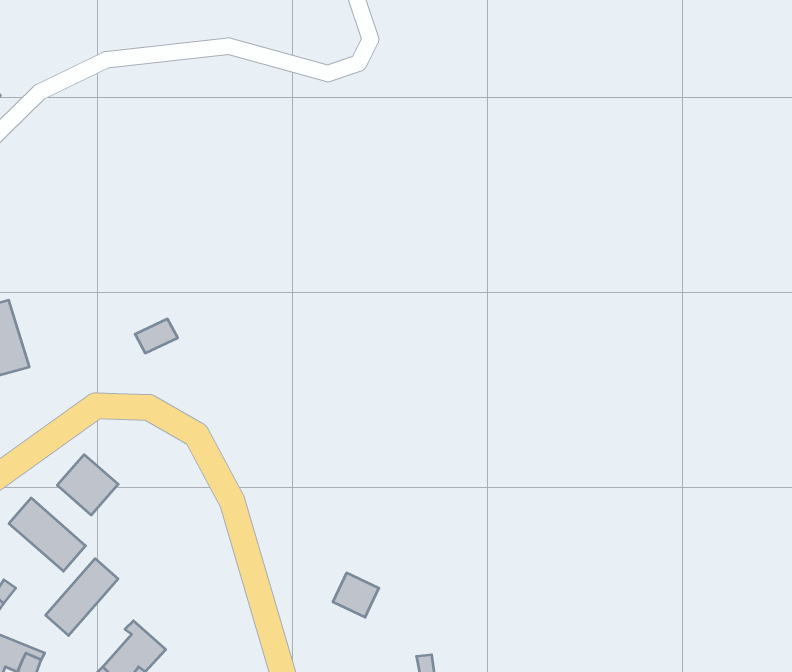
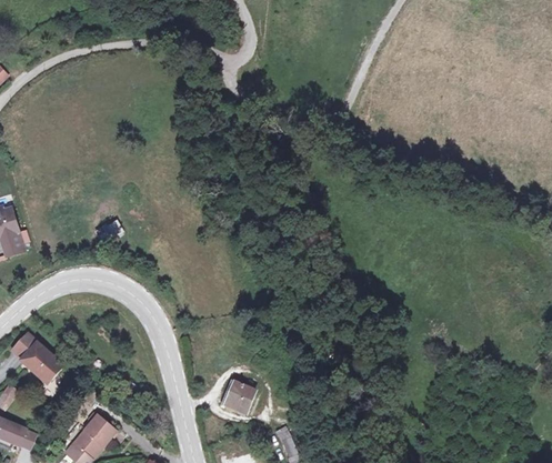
building: [57,455,118,515] -> none
building: [46,559,118,636] -> none

